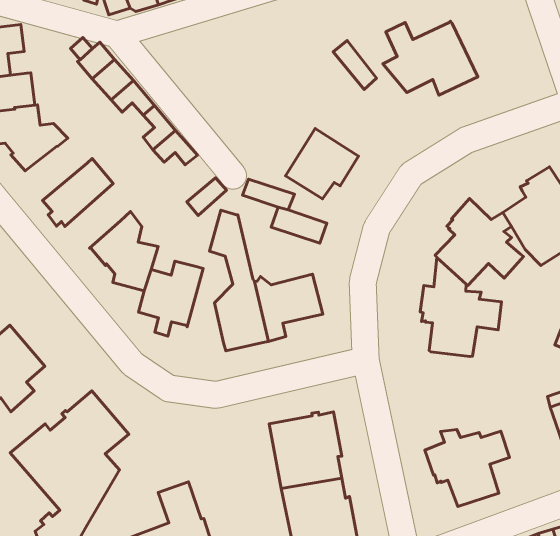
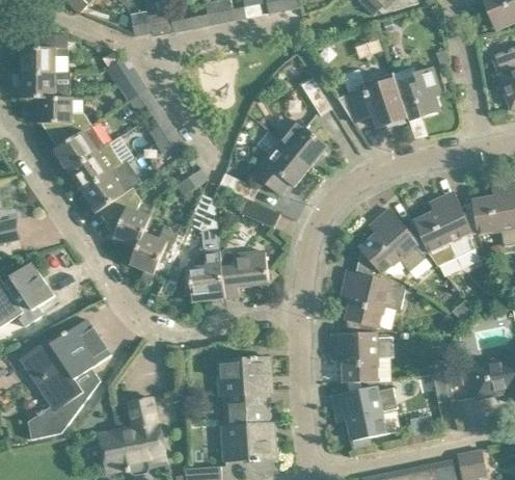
building: none -> [394,68,440,122]
building: none -> [280,121,327,166]
building: none -> [54,126,105,170]
building: none -> [81,161,141,213]
building: none -> [332,321,394,382]

